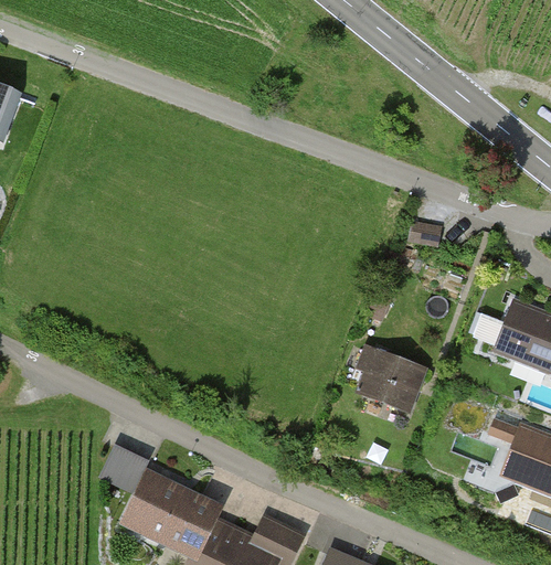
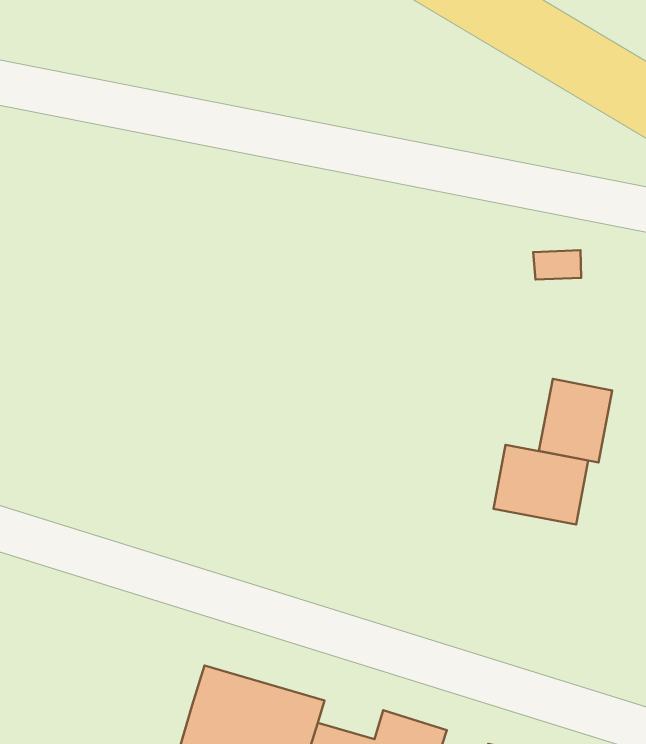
building: none -> [539,379,612,463]
building: [99,443,151,493] -> none

